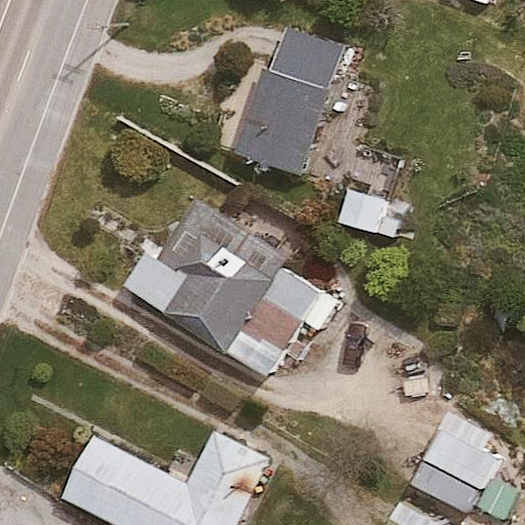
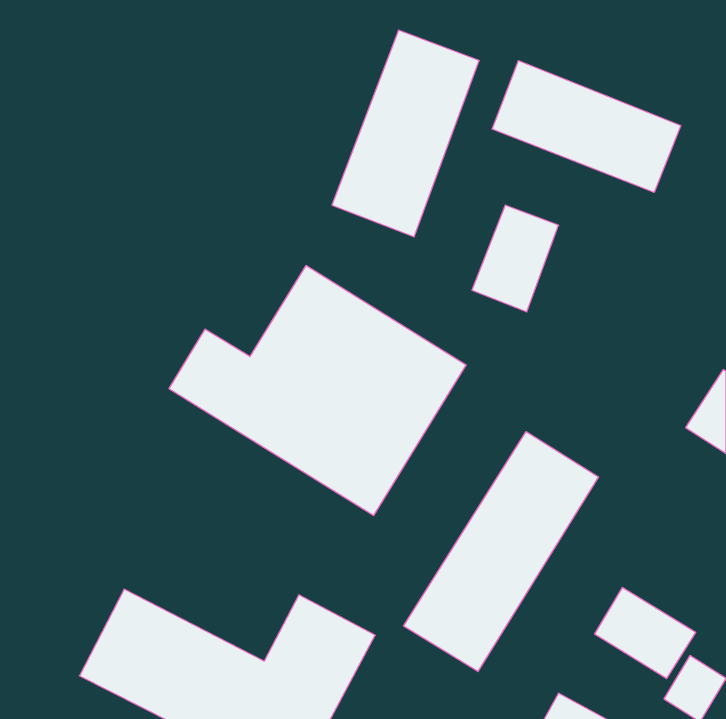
building: none -> [492,61,681,192]
building: none -> [404,432,599,672]

